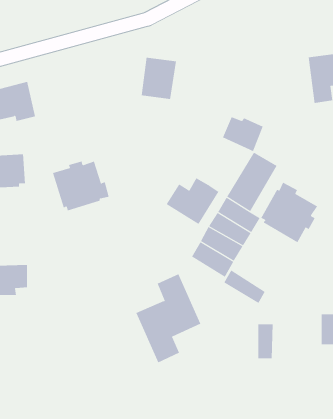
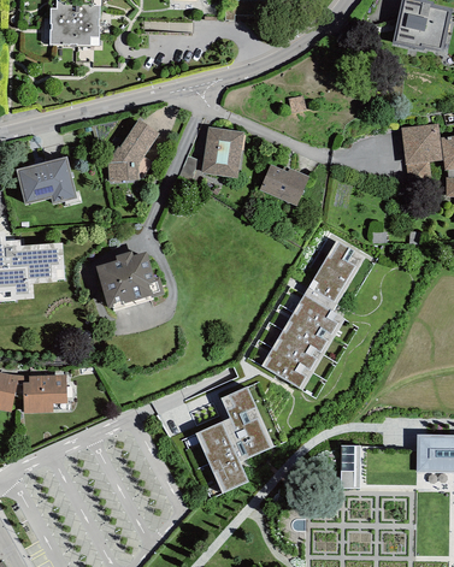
building: none -> [107,118,159,181]
building: [222,116,264,152] -> [259,164,308,206]
building: [166,178,219,225] -> none
building: [261,182,318,243] -> none
building: [224,270,266,304] -> none

